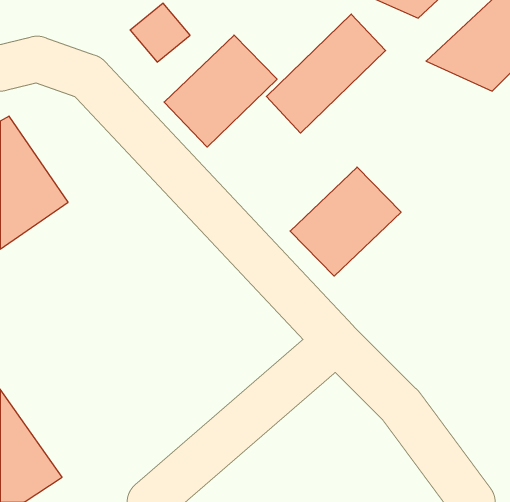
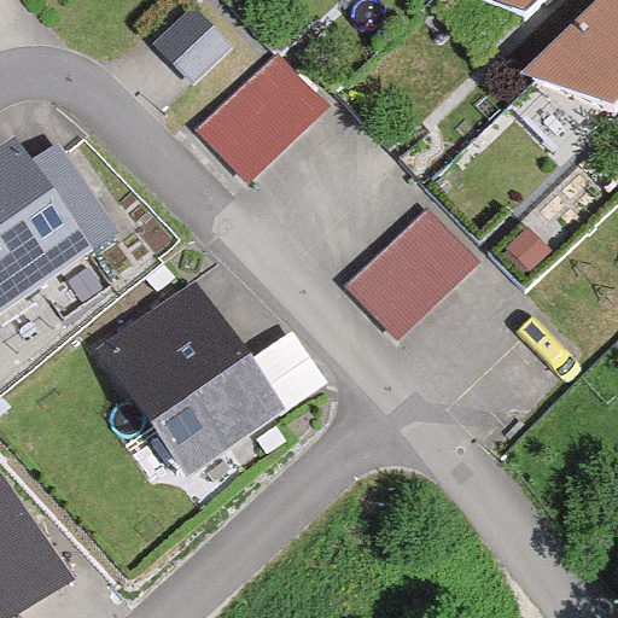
building: [266,14,386,133] -> none
building: none -> [88,281,285,485]

